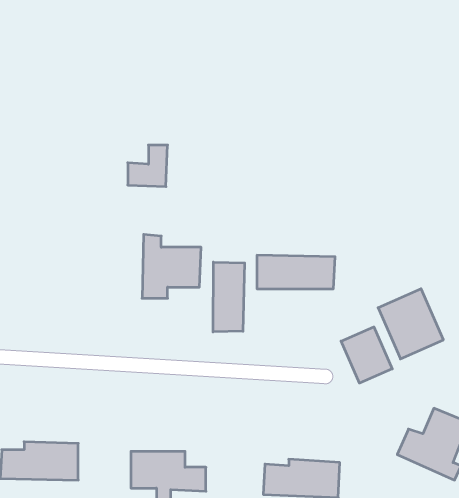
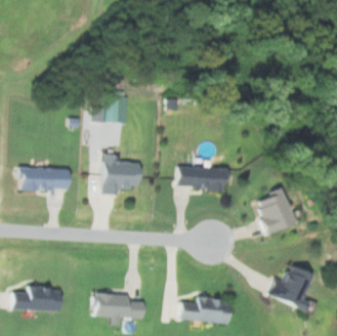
building: none -> [20,168,68,191]
building: [213,262,245,332] -> none
building: [341,327,392,383] -> none

